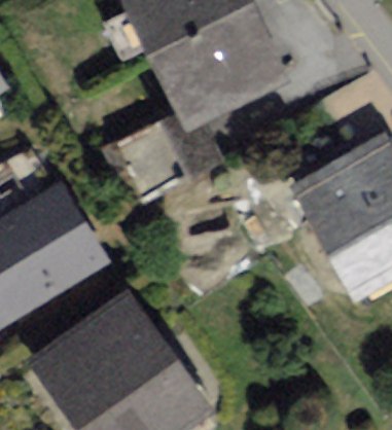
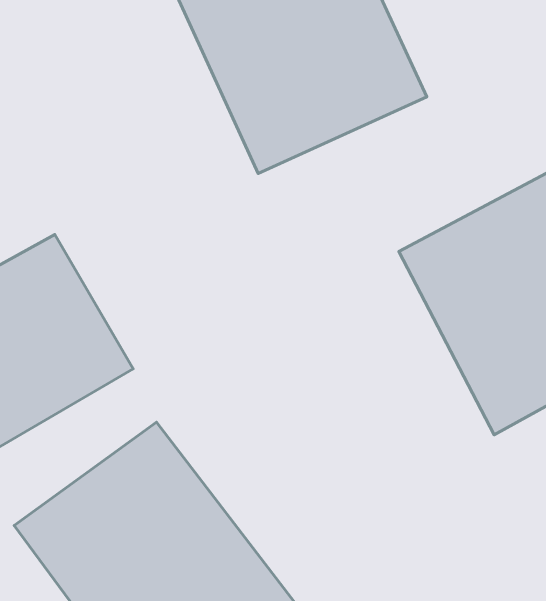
building: [107,110,201,198] -> none

